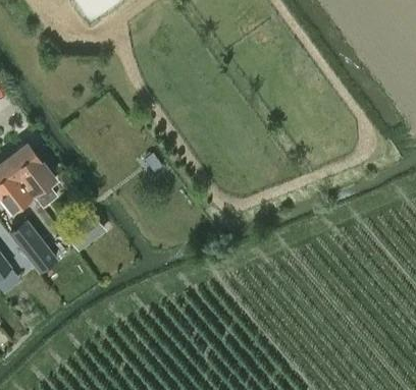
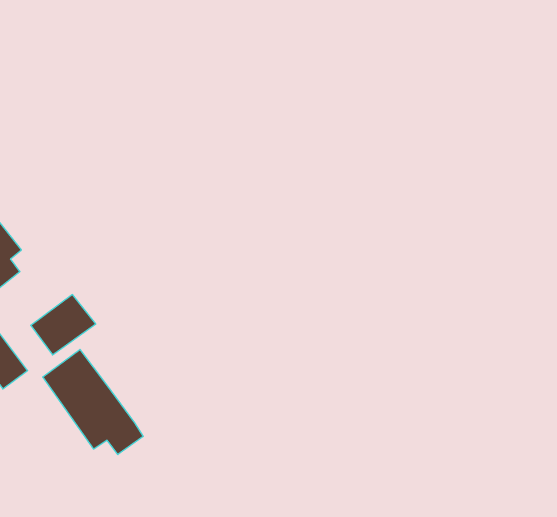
building: none -> [43,349,143,455]

